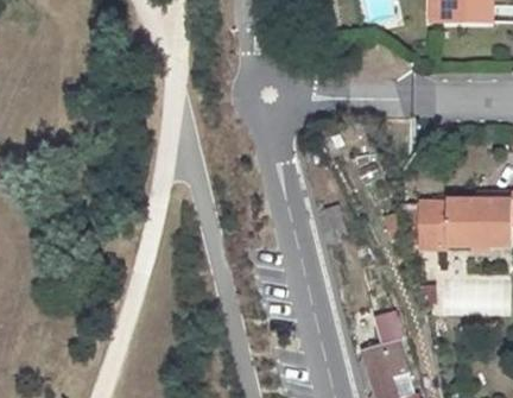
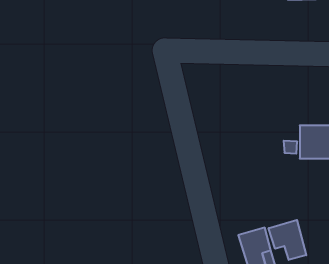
building: none -> [269,220,306,260]

